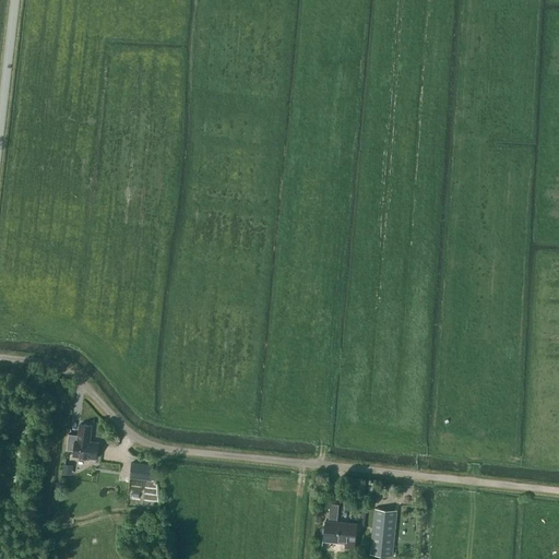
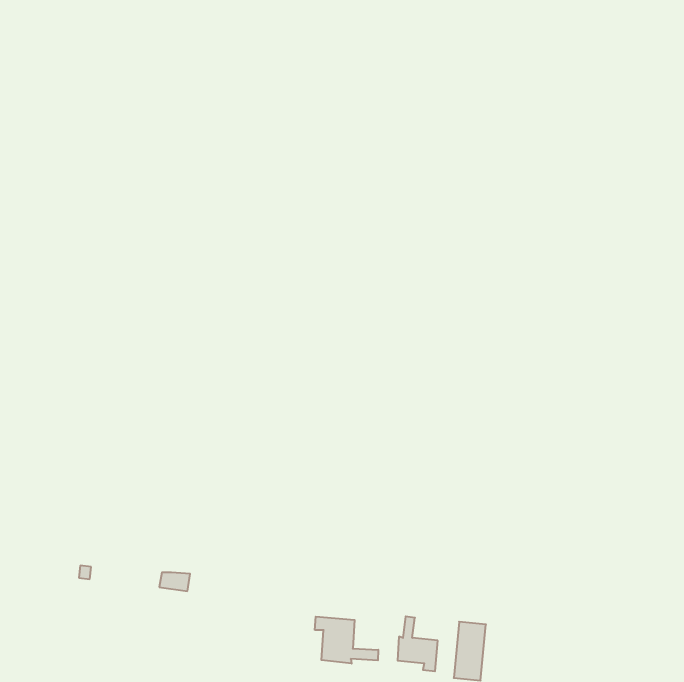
building: [74,425,99,461] -> none
building: none -> [315,617,378,664]

